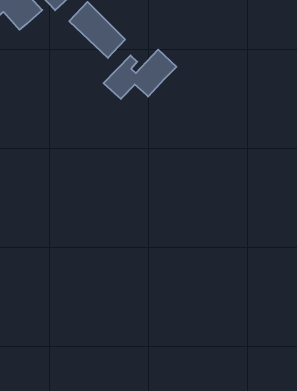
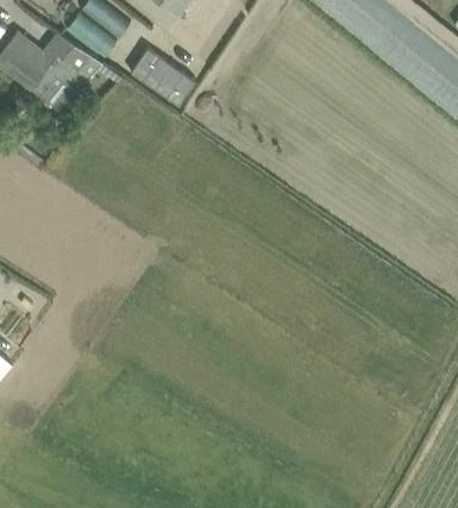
building: [104,50,176,99] -> none

